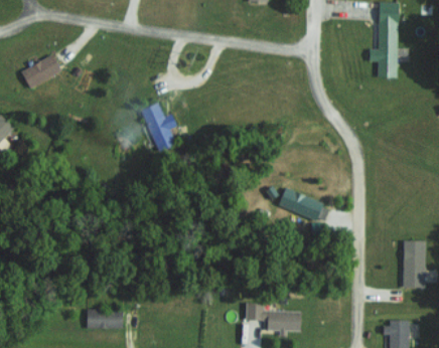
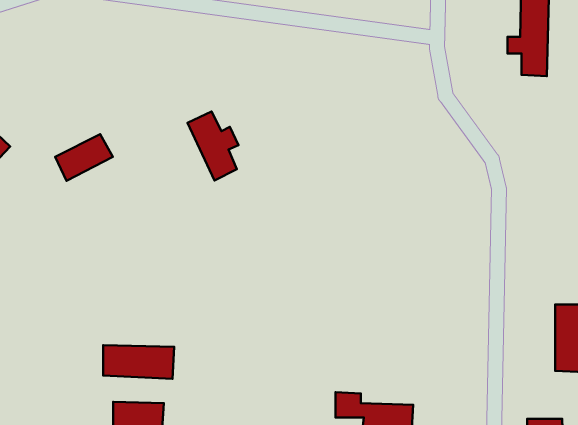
building: [20,55,61,89] -> [55,134,113,181]
building: [277,189,329,223] -> none
building: none -> [103,345,174,379]

